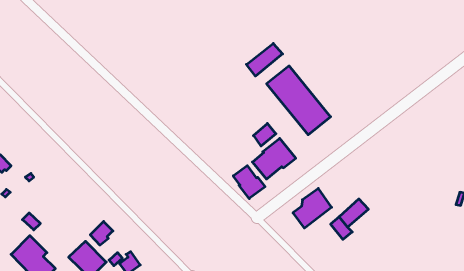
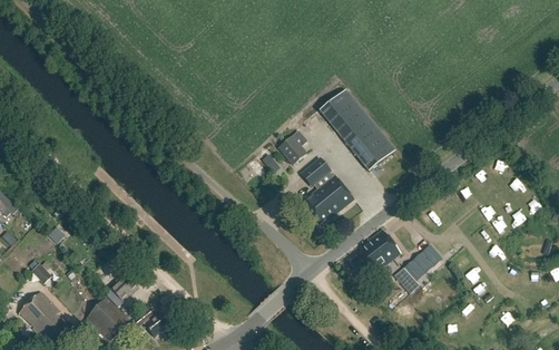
building: [246,43,283,76] -> none
building: none -> [277,130,306,164]
building: [233,166,265,199] -> none

